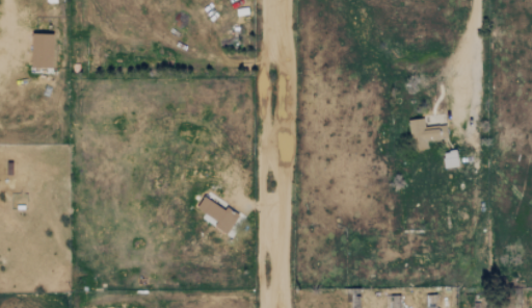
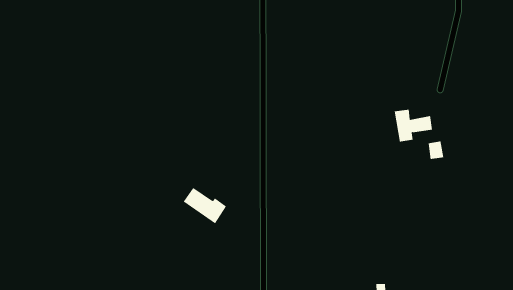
building: [32,34,55,69] -> none

